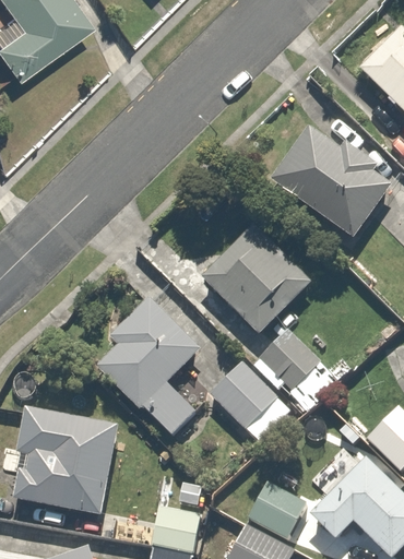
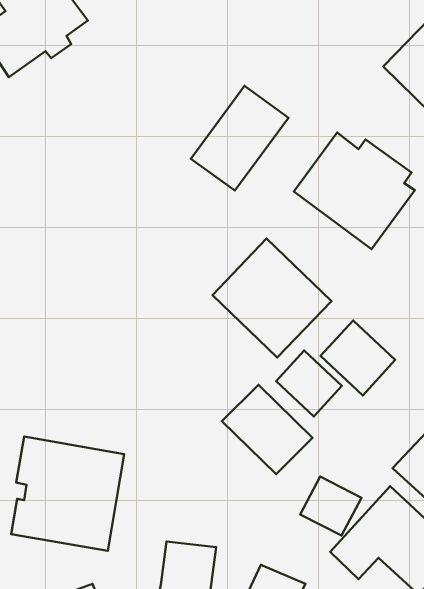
building: none -> [191,86,289,191]
building: [96,294,203,433] -> none
building: none -> [321,320,395,395]
building: [248,484,305,538] -> [300,477,361,536]

